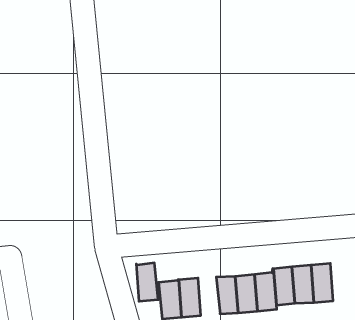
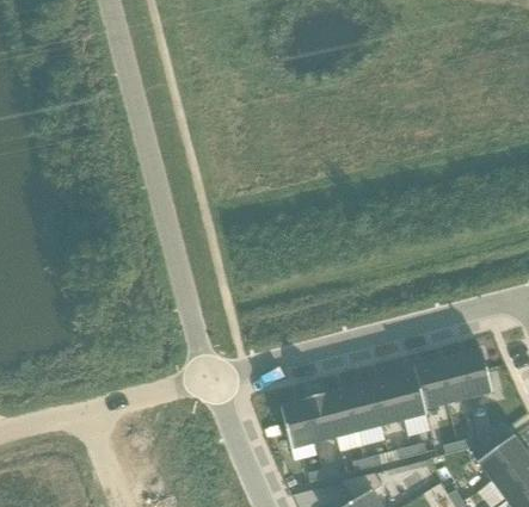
building: [136,263,158,301] -> [326,387,359,435]

